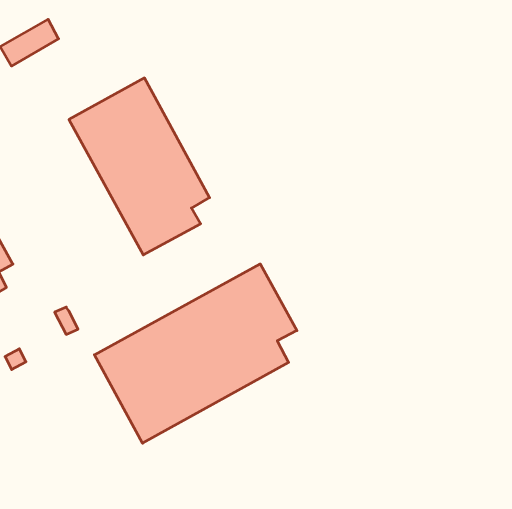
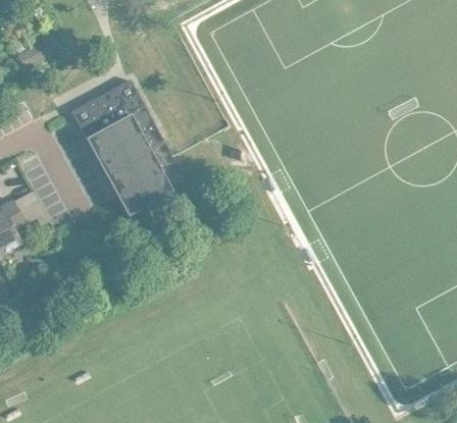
building: [94,264,297,443] -> none

